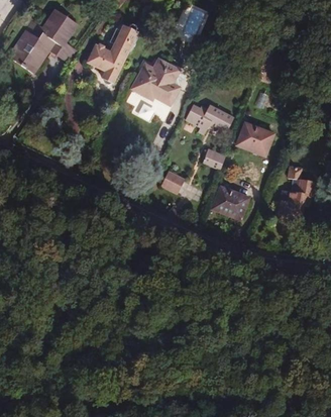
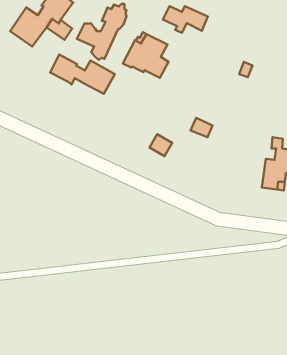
building: none -> [50,54,115,94]
building: [185,106,232,134] -> [163,6,208,33]
building: [237,122,273,155] -> none
building: [212,187,248,220] -> none

